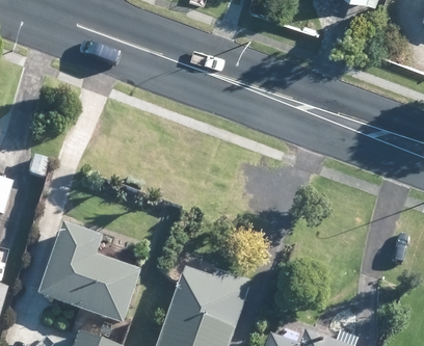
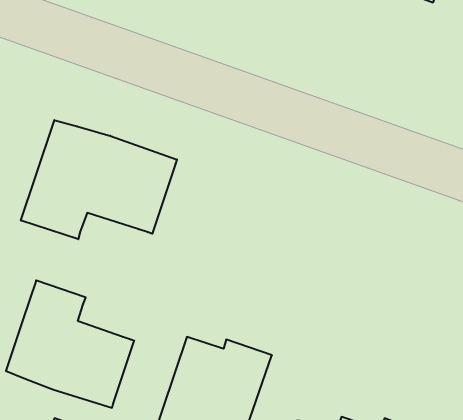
building: none -> [21,120,177,239]

